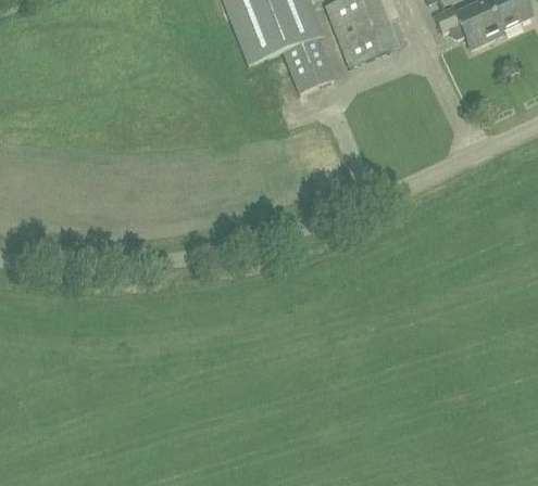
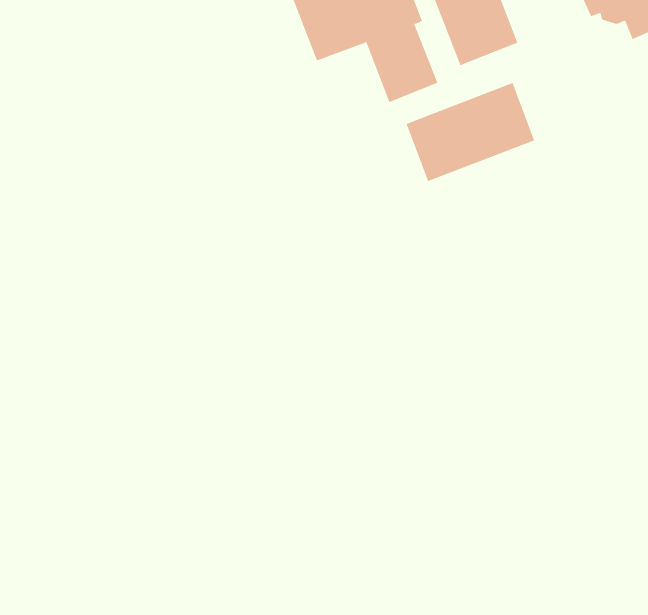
building: none -> [406,82,535,182]

